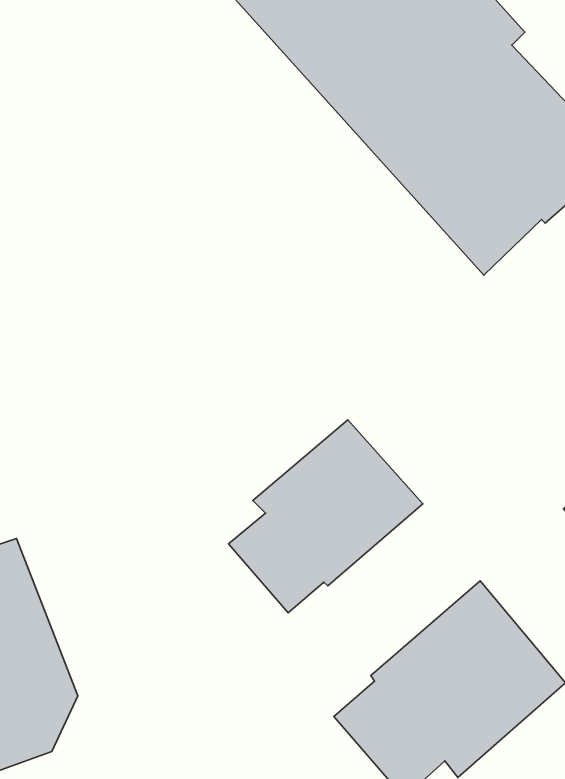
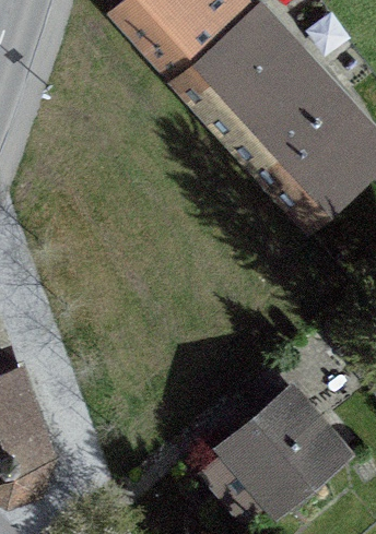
building: [228,420,423,613] -> none

